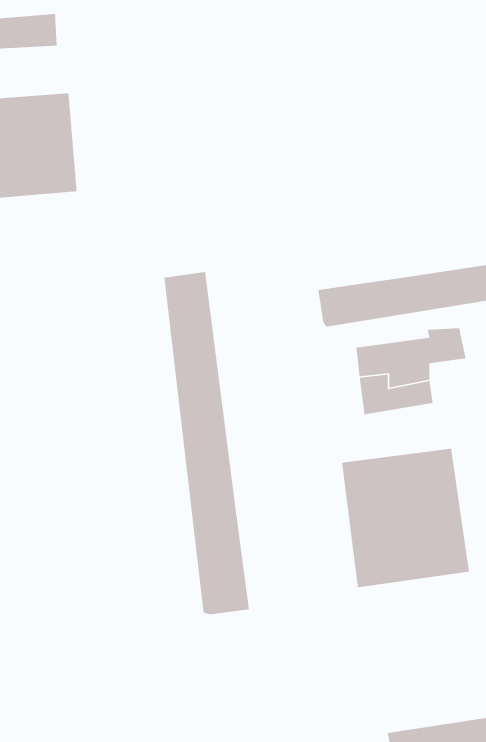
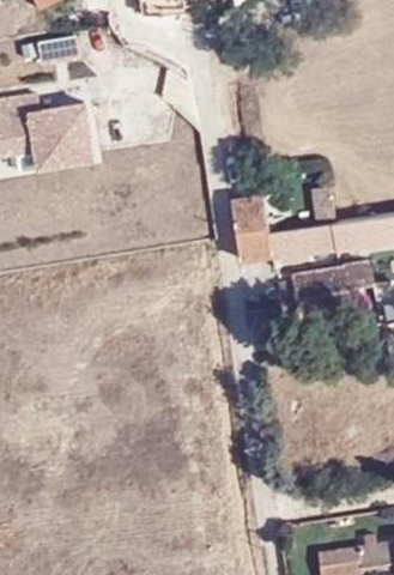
building: none -> [226,198,268,260]
building: [164,271,250,615] -> none
building: [341,448,470,588] -> none

